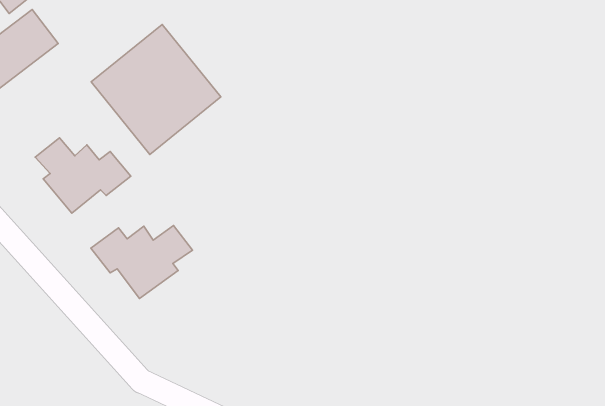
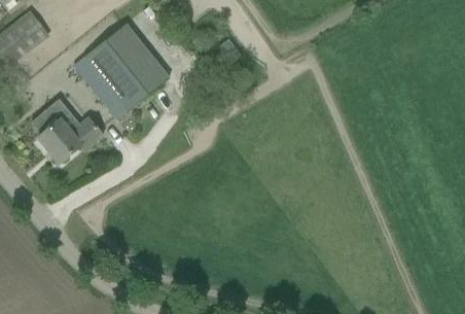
building: [91,226,193,299] -> none

